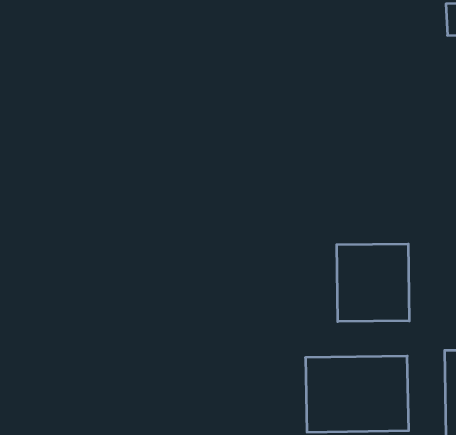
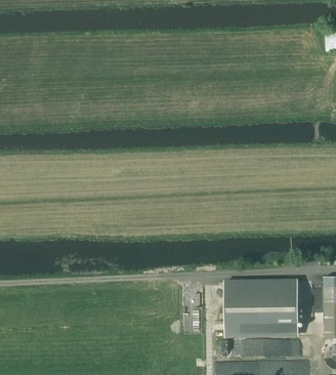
building: [337,244,409,322] -> none

